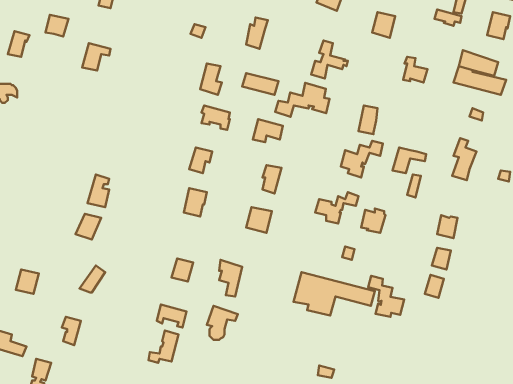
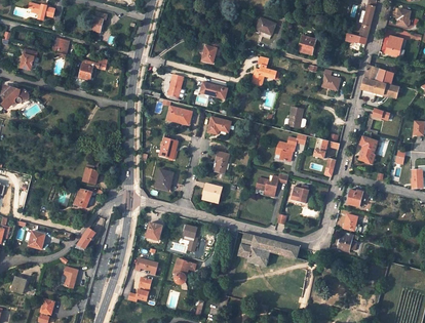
building: [275,83,329,117] -> none
building: [368,276,404,317] -> none

